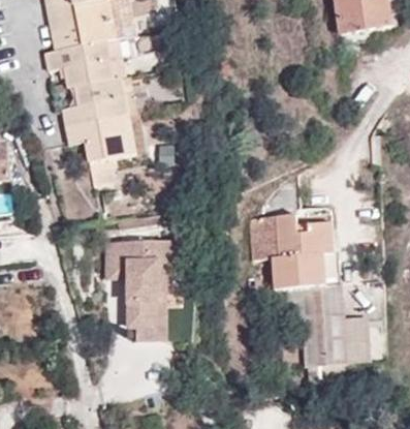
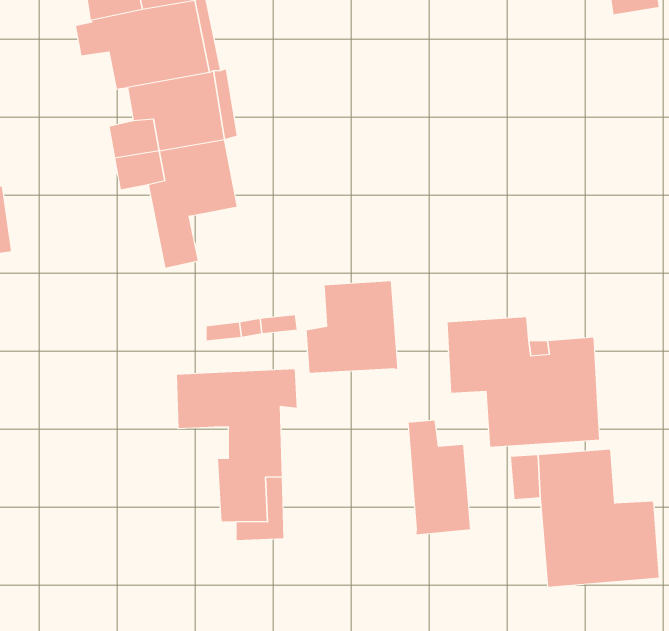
building: none -> [306,280,398,373]
building: none -> [408,420,470,535]

